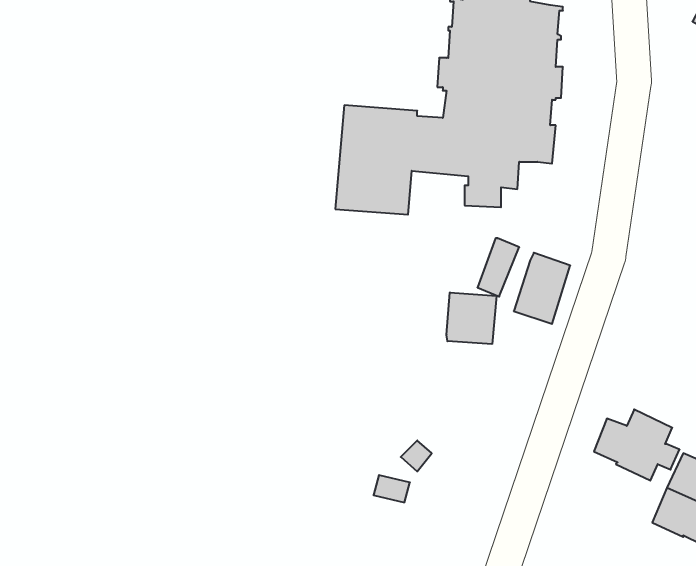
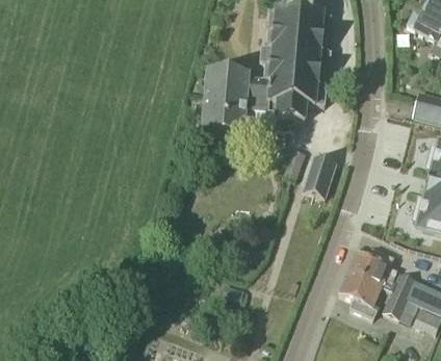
building: [447,292,497,344] -> none
building: none -> [339,269,382,319]

